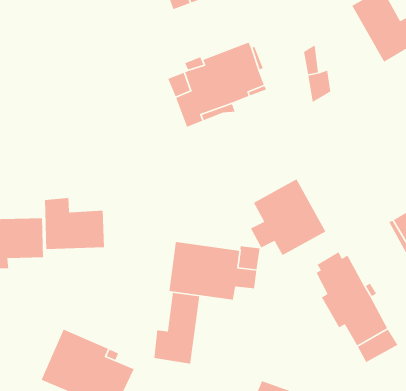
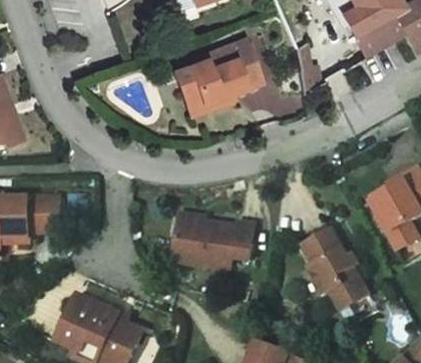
building: [250,178,326,256] -> none
building: [44,197,105,250] -> none
building: [154,292,200,365] -> none

